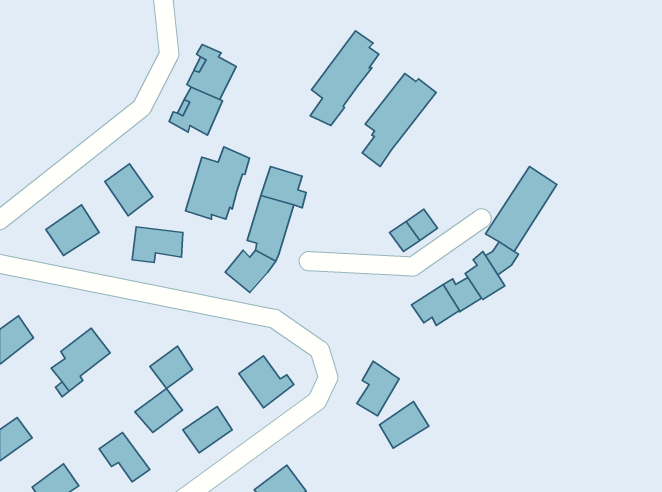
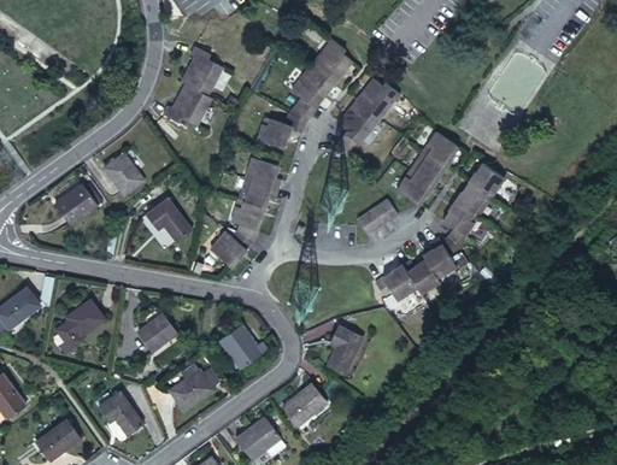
building: none -> [254,113,302,149]
building: none -> [393,128,456,202]
building: [186,147,250,219] -> none
building: [135,389,182,432] -> none
building: [379,401,429,448] -> [282,390,325,431]

